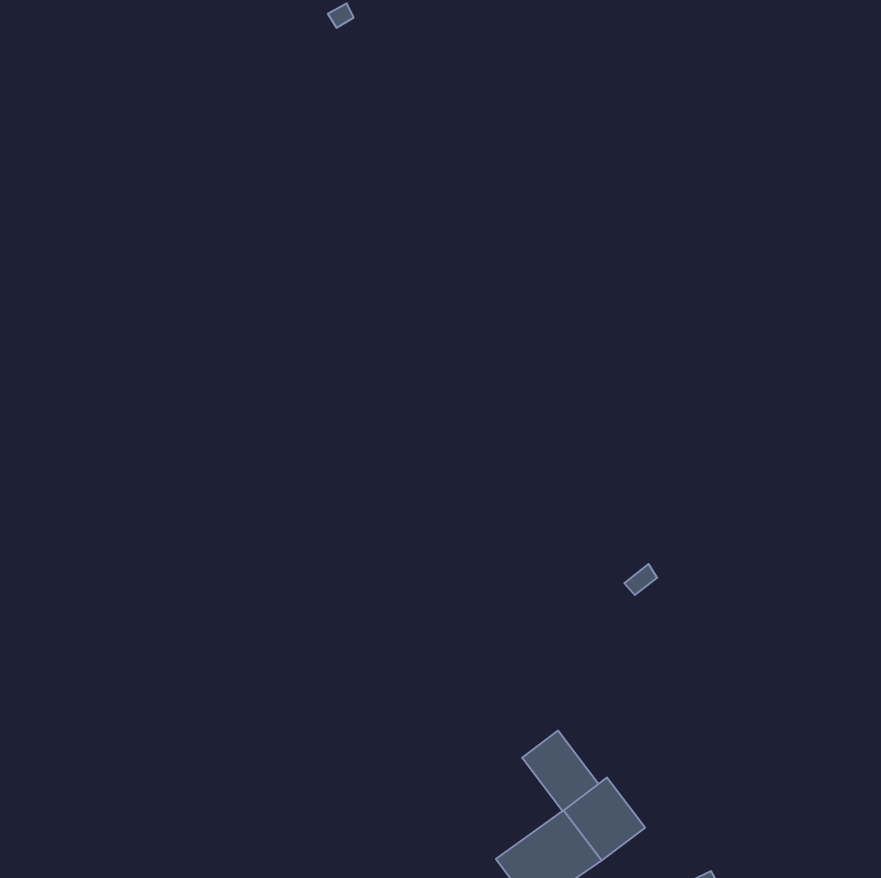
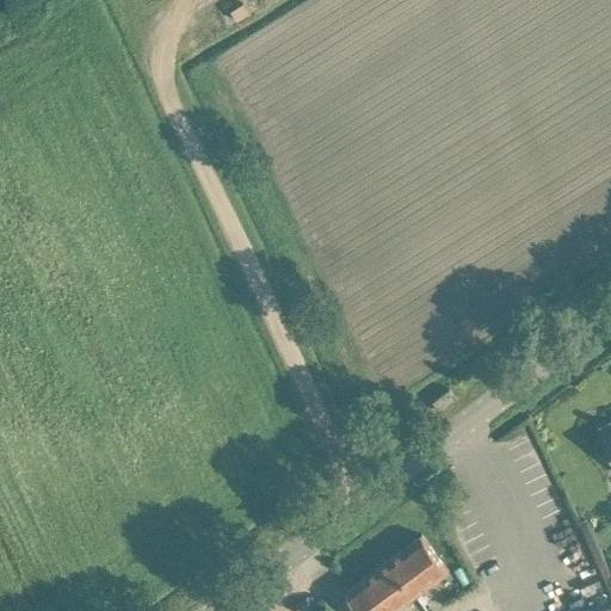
building: [522,731,599,811] -> none

